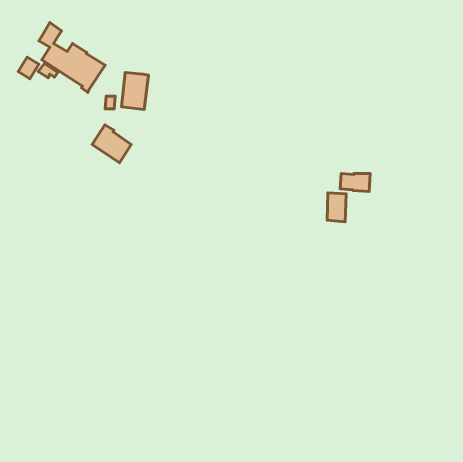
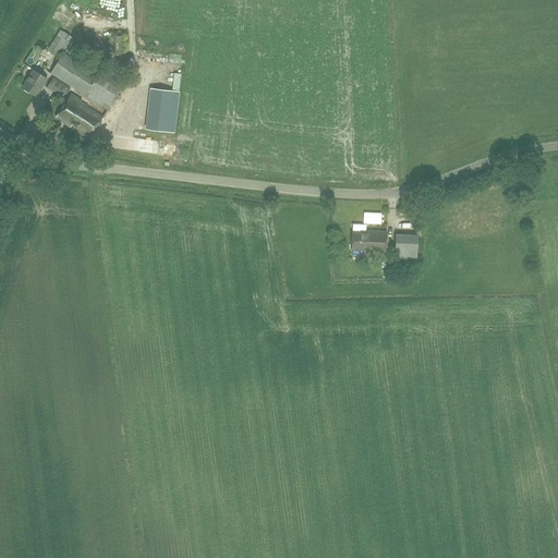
building: [92,125,131,163] -> [56,93,102,138]
building: [340,173,370,192] -> [351,230,387,252]

